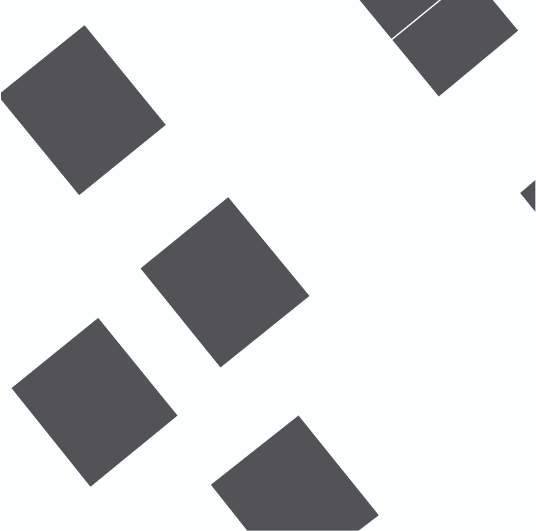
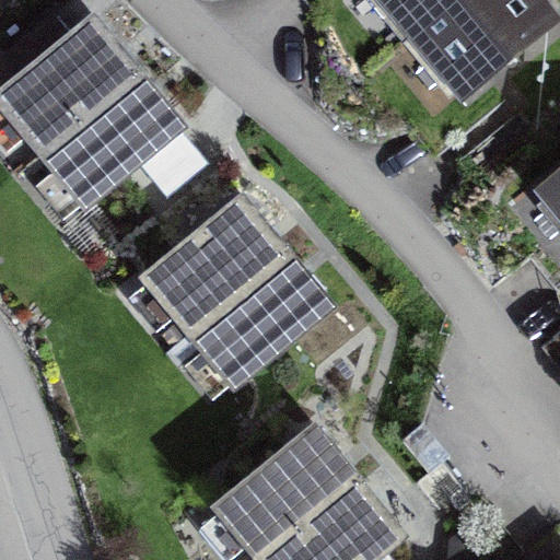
building: [11,317,178,488] -> none

